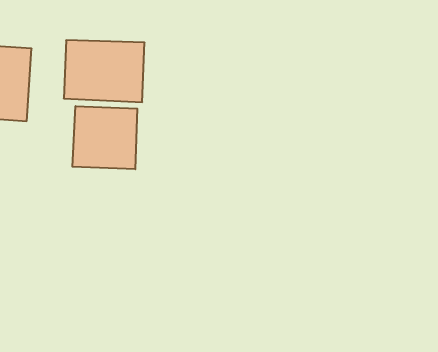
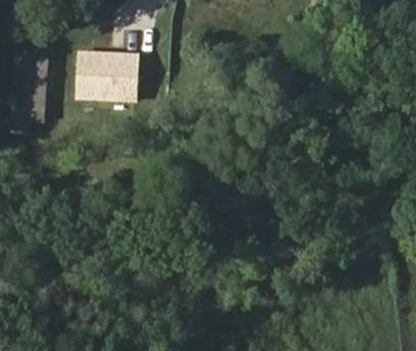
building: [72,106,137,169] -> none

